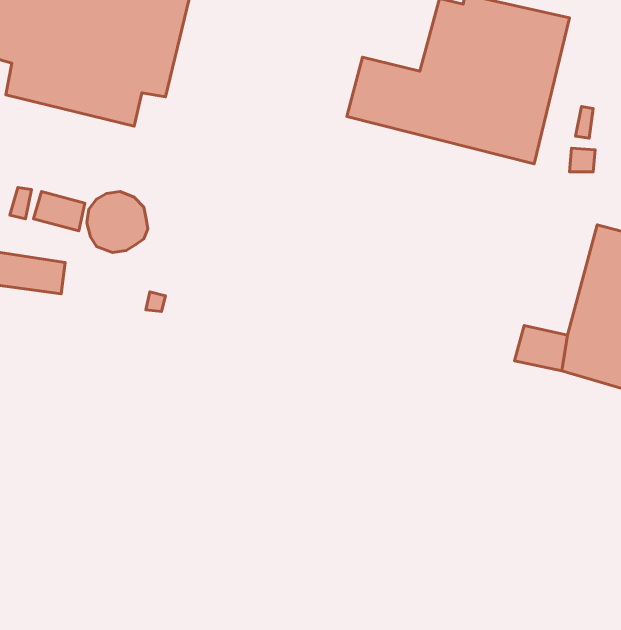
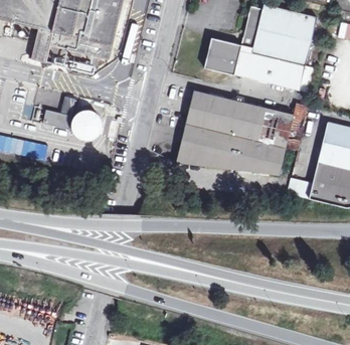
building: none -> [178,90,310,173]

